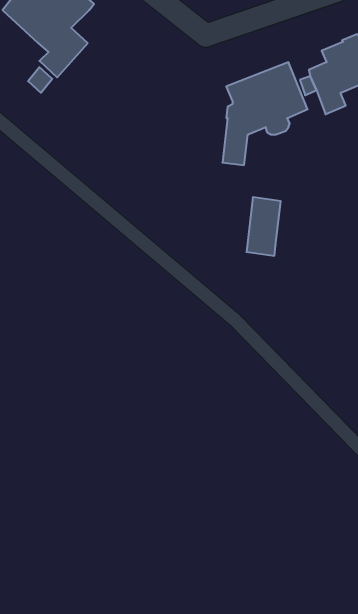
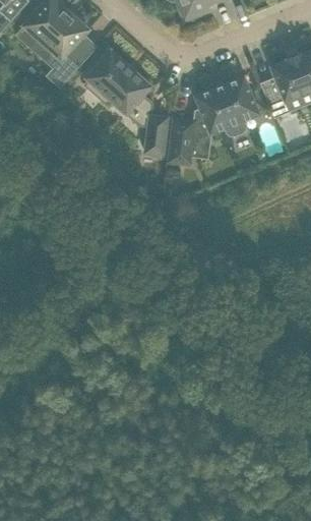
building: none -> [85,49,169,154]
building: [246,197,281,256] -> [169,117,196,164]

